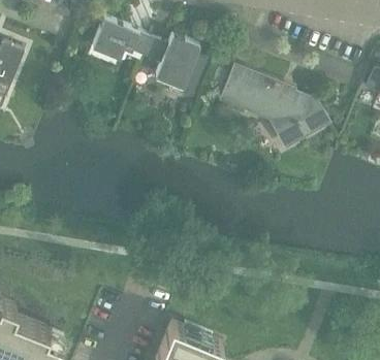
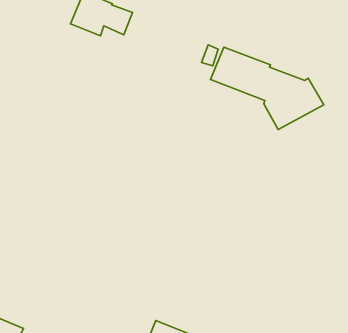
building: [144,40,210,104] -> none

